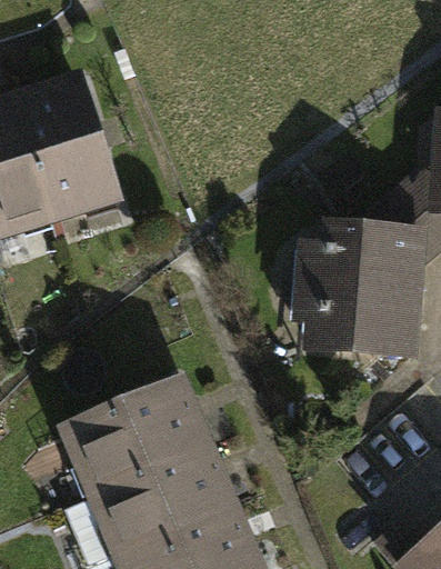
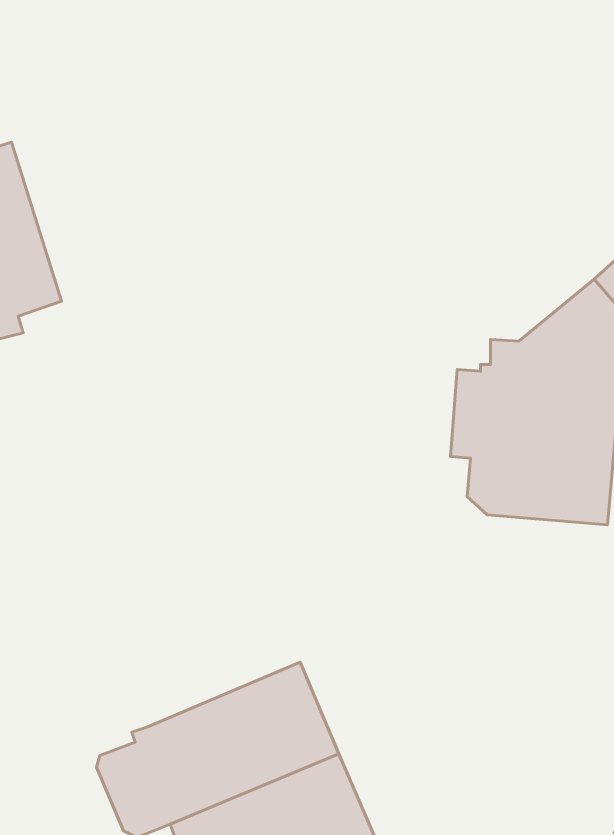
building: [20,82,118,220] -> none
building: [74,387,212,491] -> none

